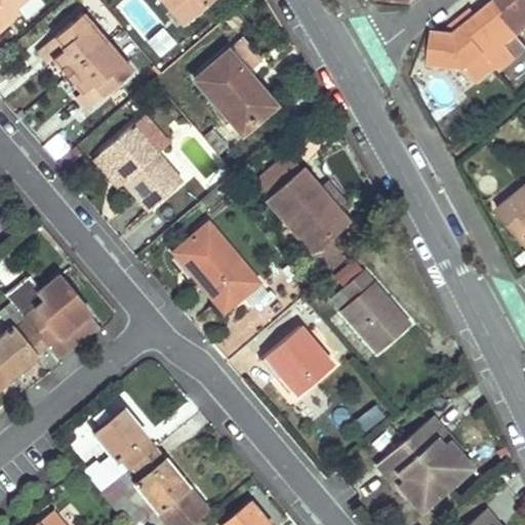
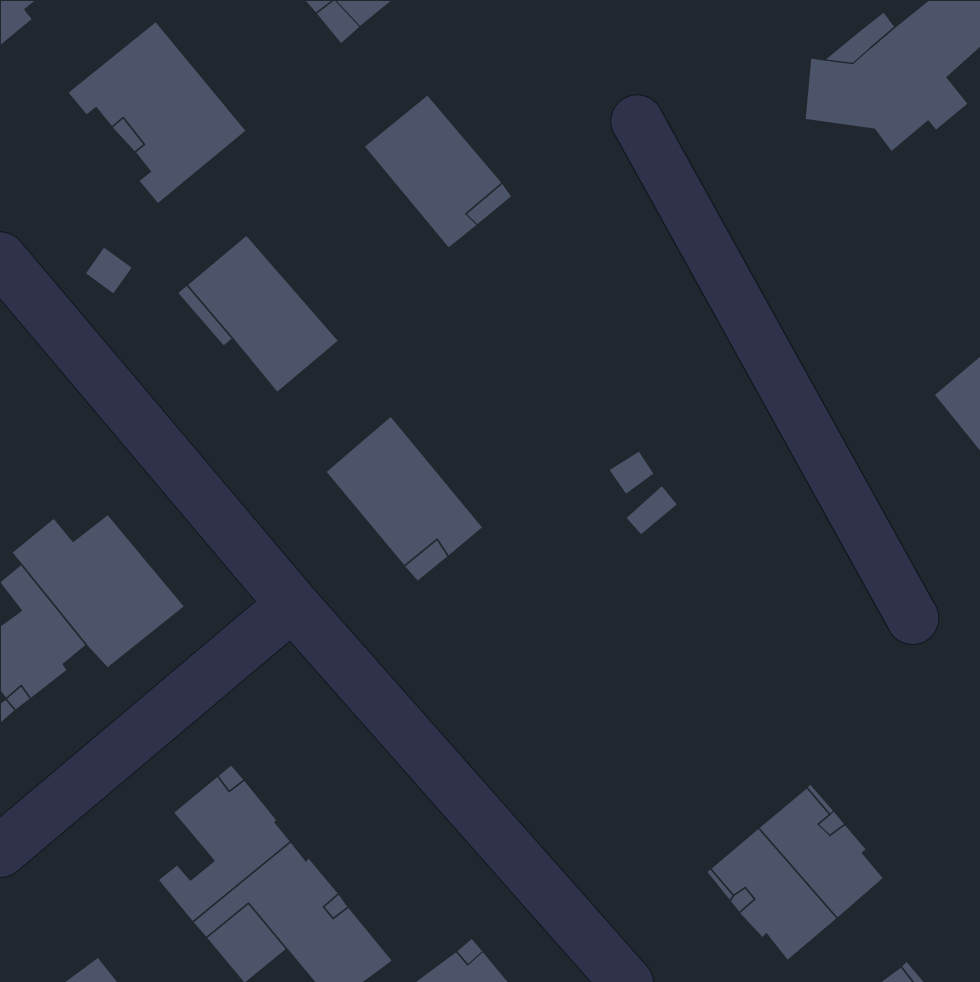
building: [255,154,350,253] -> none
building: [332,272,411,353] -> none
building: [267,325,334,394] -> none

